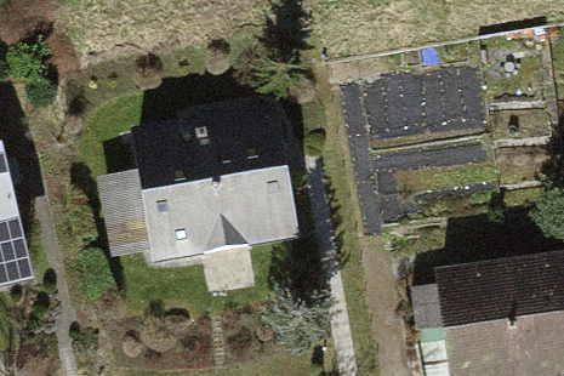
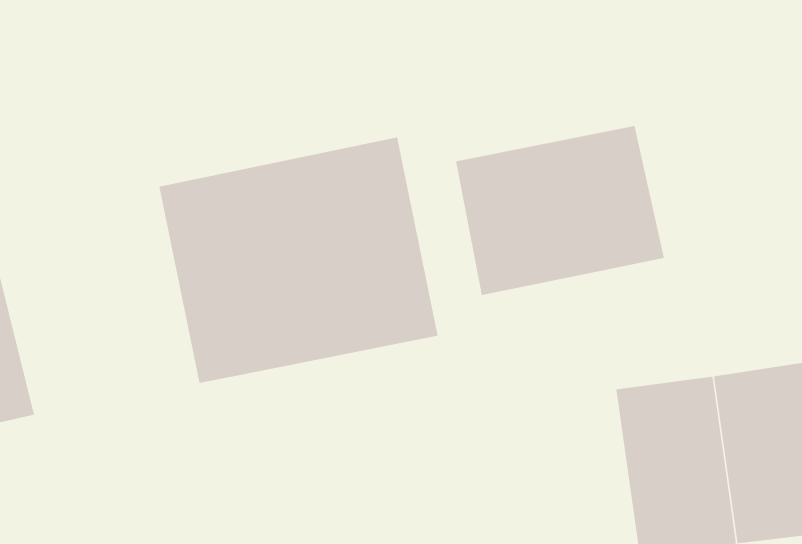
building: none -> [455,125,665,296]

